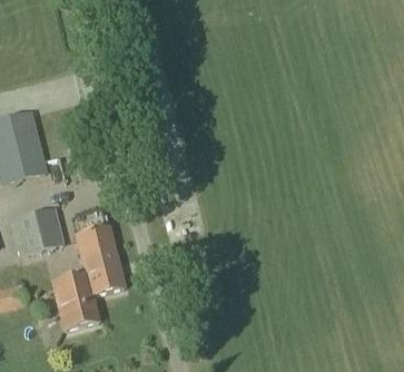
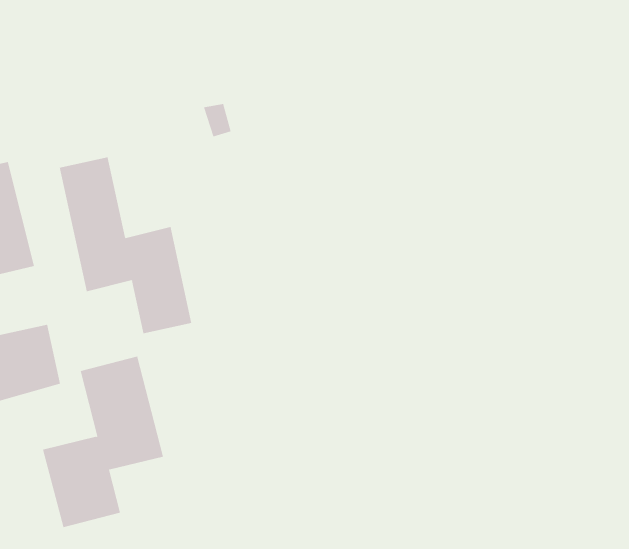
building: none -> [59,157,192,334]

